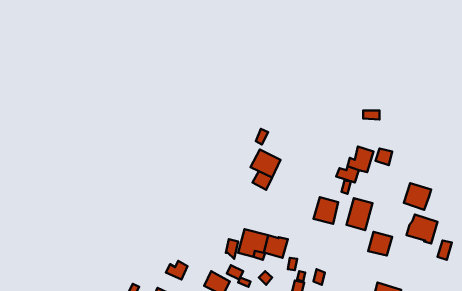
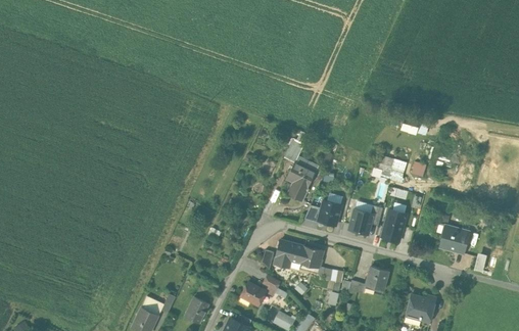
building: [404,183,431,210] -> none
building: none -> [317,199,340,225]
building: [368,232,392,255] -> [365,265,388,288]

